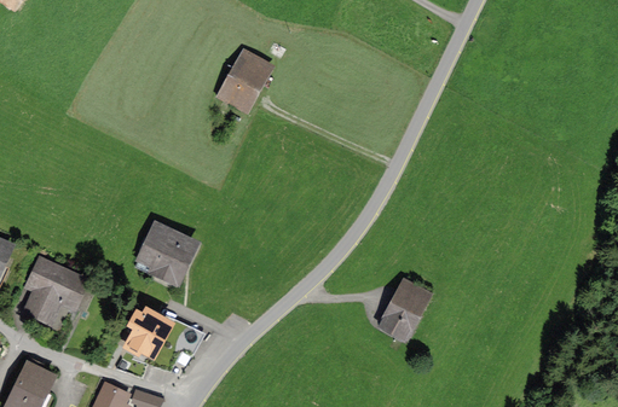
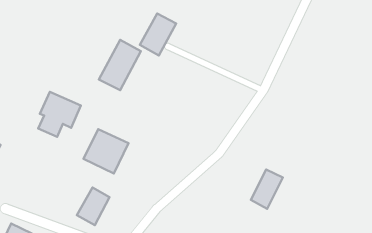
building: none -> [99,40,141,90]
building: [24,256,87,322] -> [38,92,81,137]

